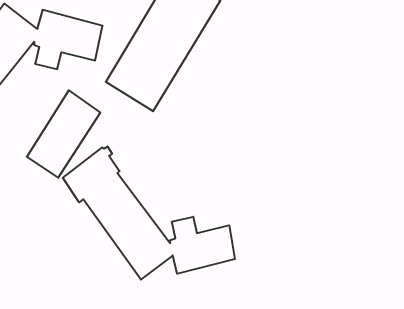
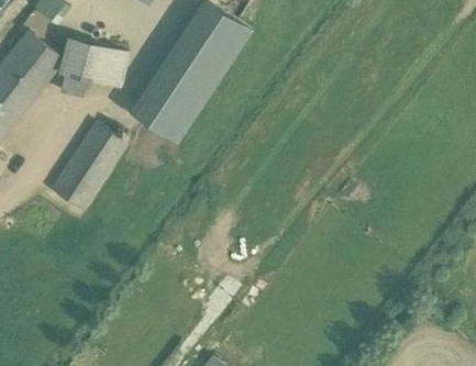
building: [63,146,235,280] -> none

